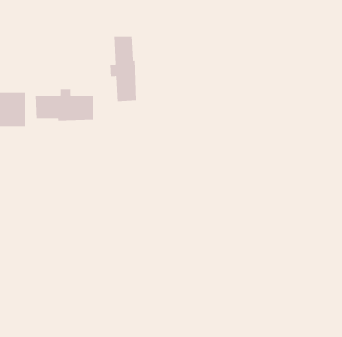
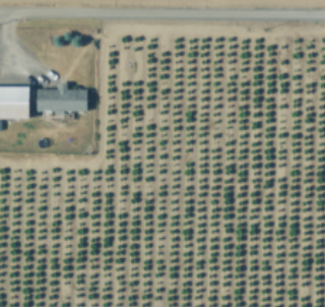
building: [110,36,137,102] -> none

